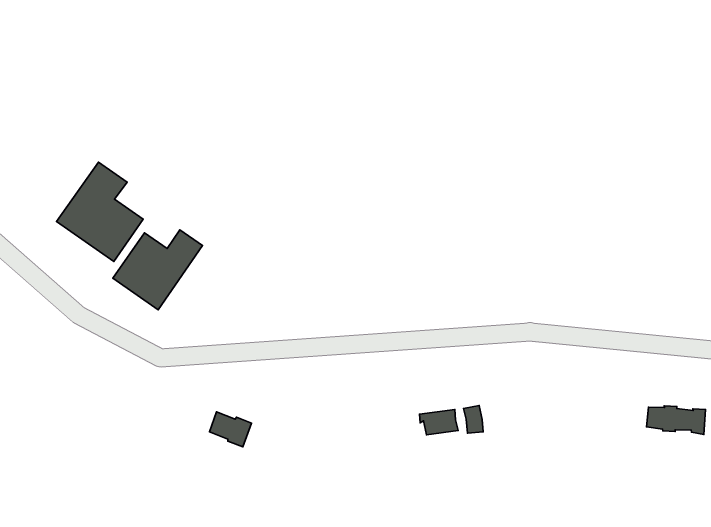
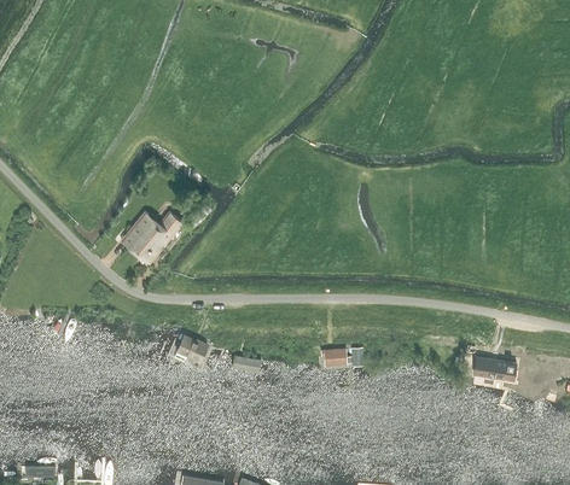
building: [57,162,143,261] -> none

